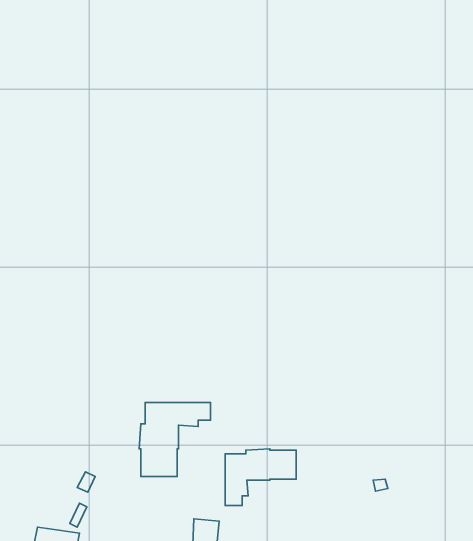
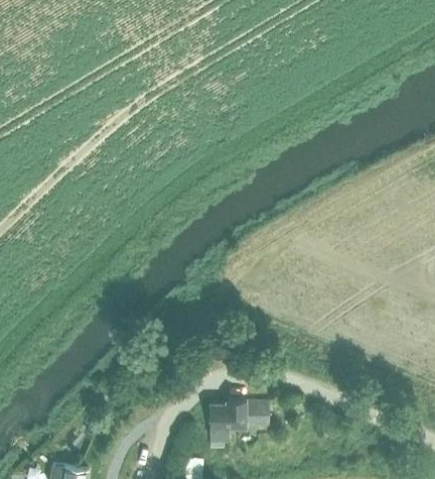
building: [139,403,210,476] -> none

